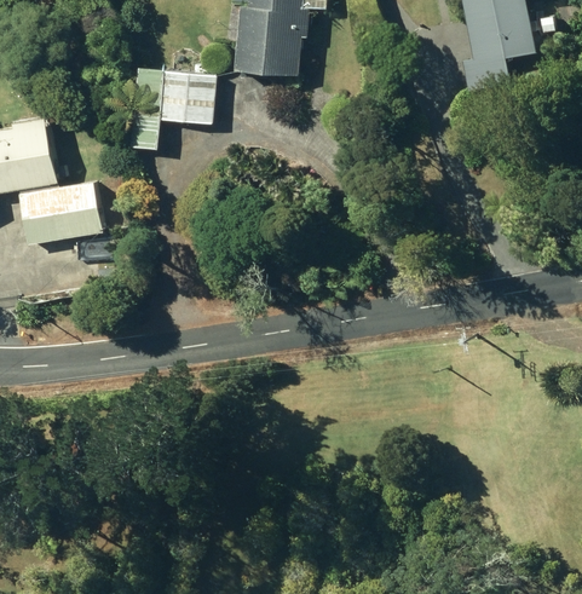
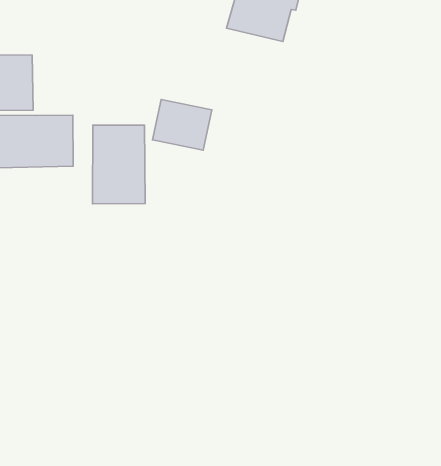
building: [159,75,214,120] -> [152,100,212,150]
building: none -> [92,125,145,204]

